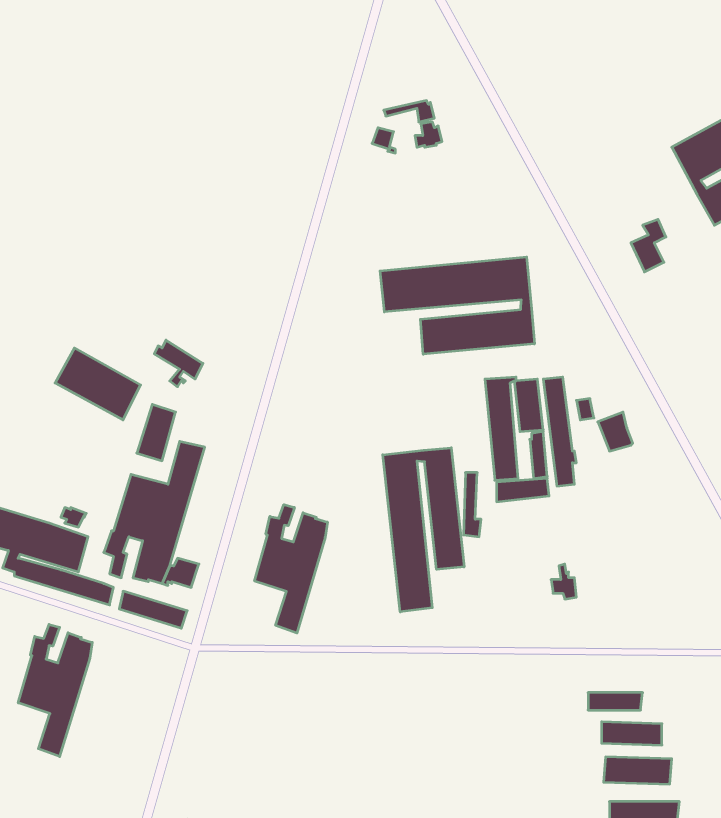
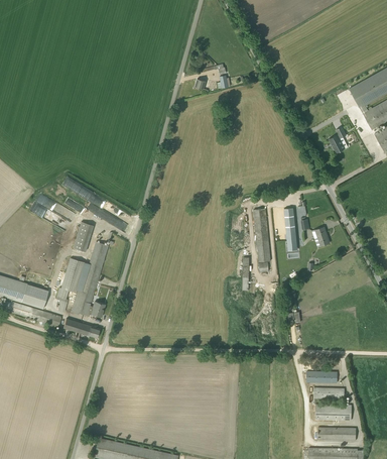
building: [380,257,534,354] -> none
building: [383,448,464,612] -> none
building: [255,505,327,633] -> none
building: [18,624,92,757] -> none

